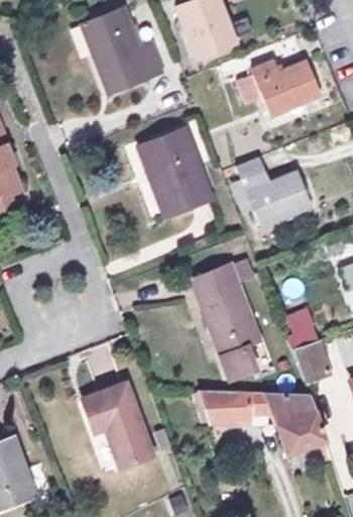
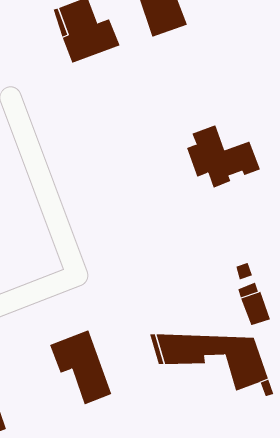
building: [237,58,323,113] -> none
building: [139,130,213,217] -> none
building: [194,265,262,379] -> none

